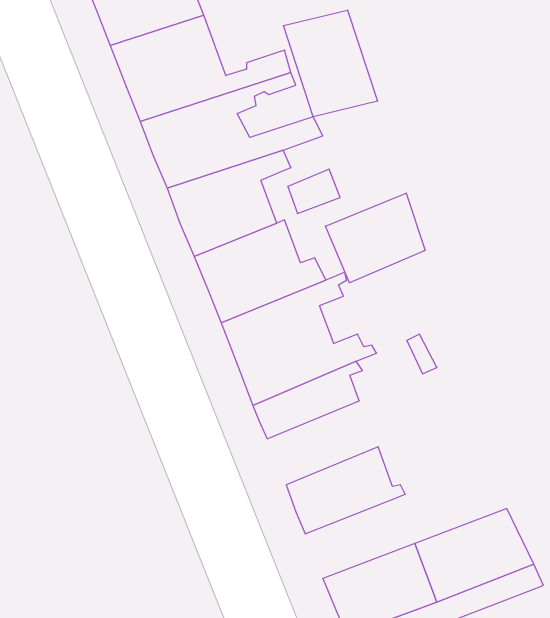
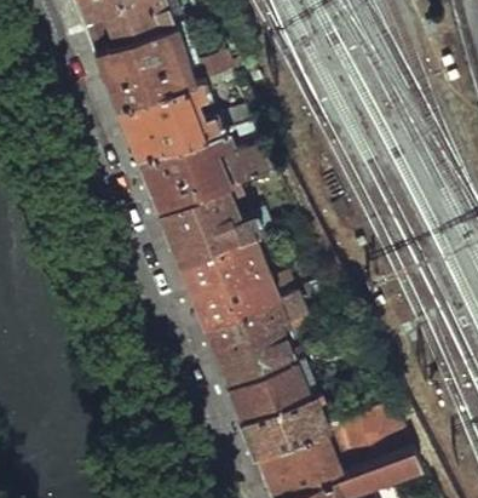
building: [283,10,377,117] -> none
building: [325,193,425,283] -> none
building: none -> [214,321,306,385]
building: none -> [243,395,327,457]

